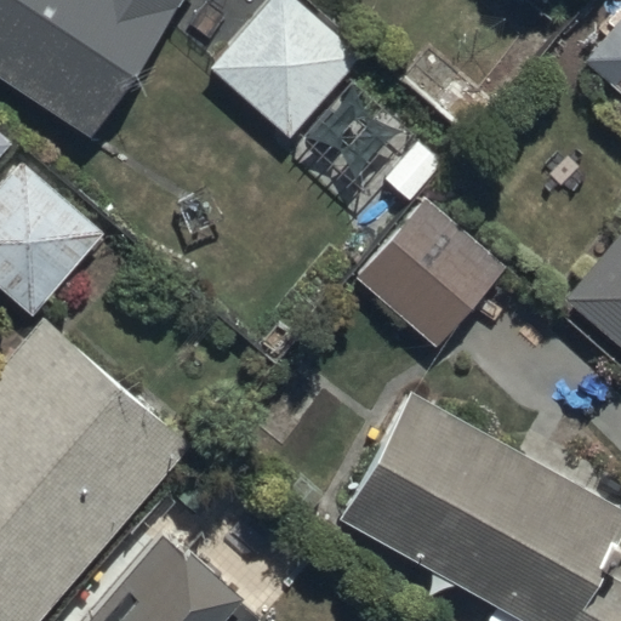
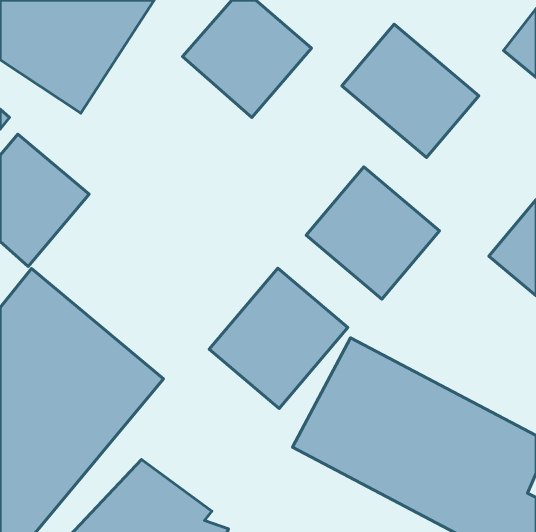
building: none -> [342,24,479,158]
building: none -> [209,268,348,409]

